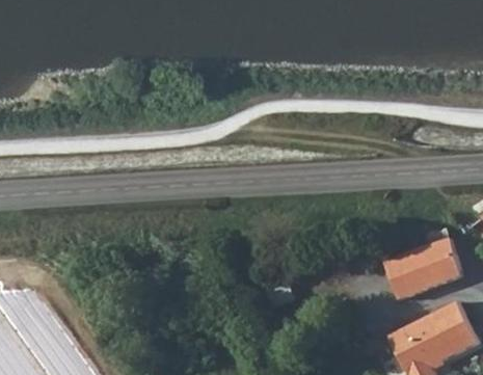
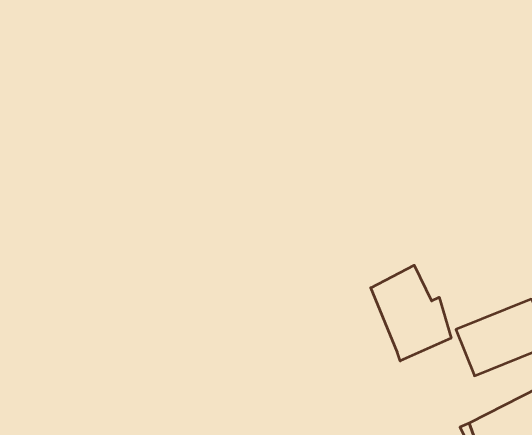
building: none -> [371,265,451,361]

